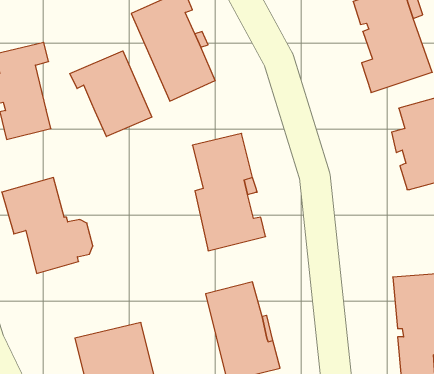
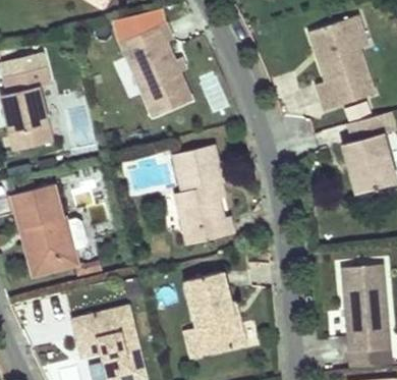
building: [70,51,152,137] -> none
building: none -> [20,227,78,276]

